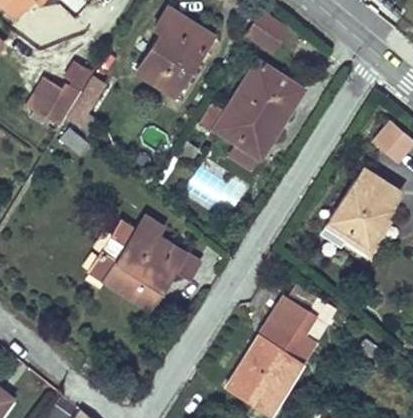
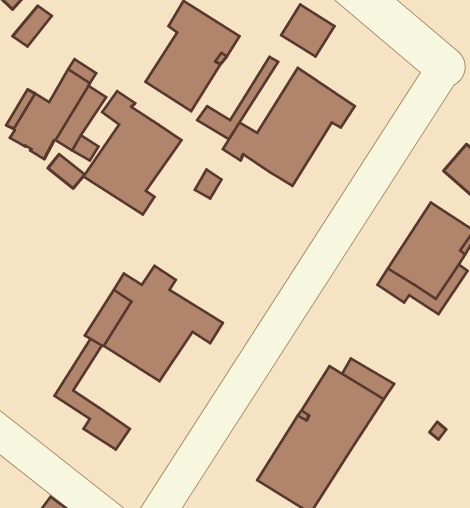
building: none -> [83,91,181,214]
building: [228,105,292,170] -> [197,57,278,139]
building: none -> [55,339,130,449]

